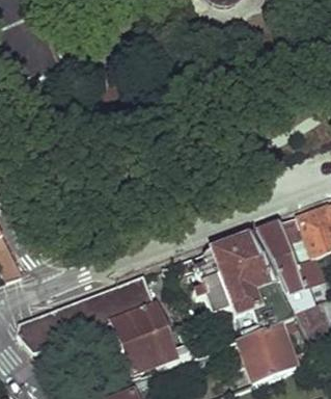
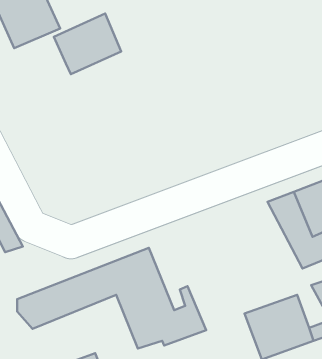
building: none -> [54,14,121,74]
building: [194,232,277,315] -> none

